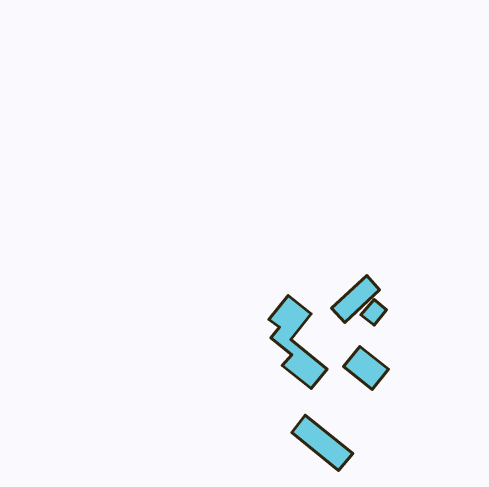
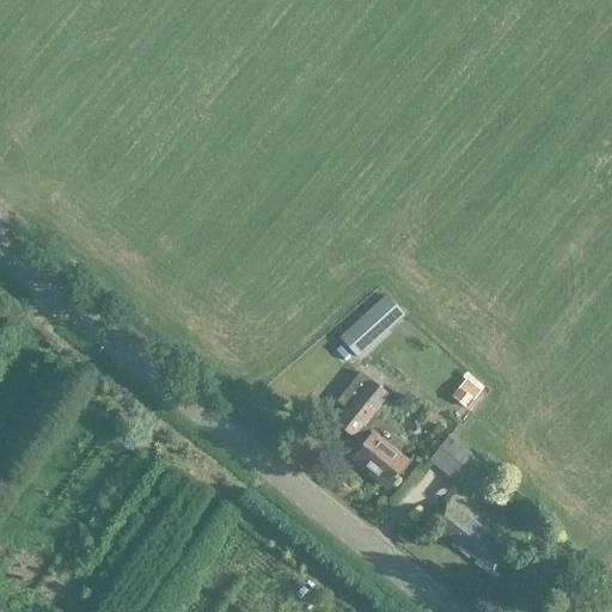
building: [332,276,379,322] -> [342,295,402,354]
building: [292,415,353,471] -> [433,500,509,569]

